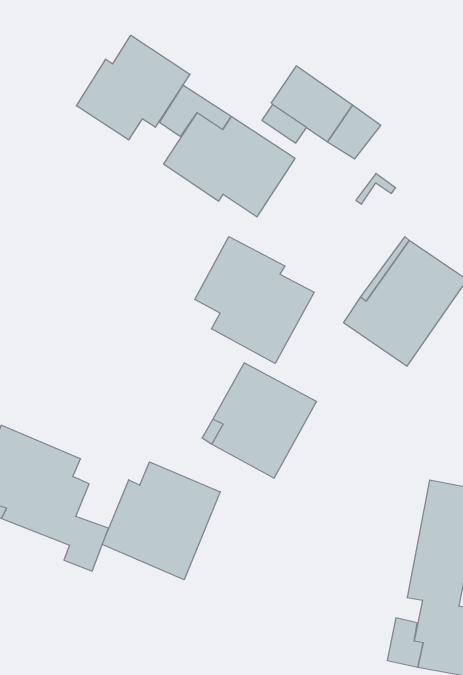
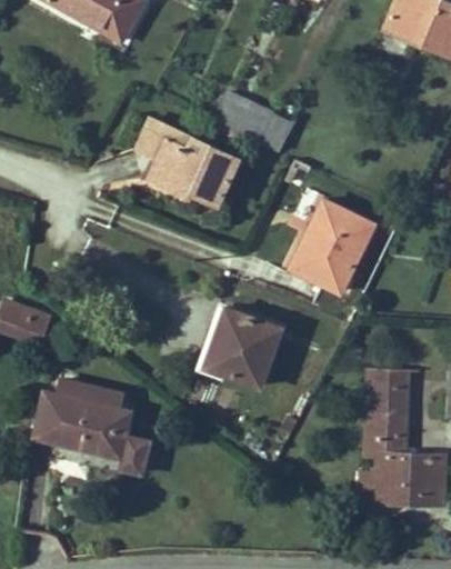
building: [76,35,190,140] -> none
building: [195,237,314,363] -> none
building: [102,462,220,580] -> none

